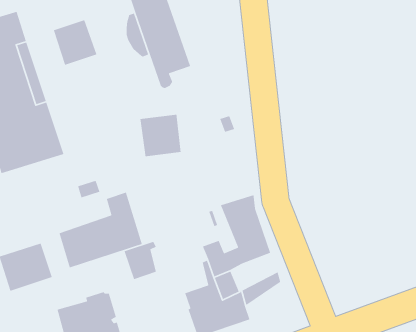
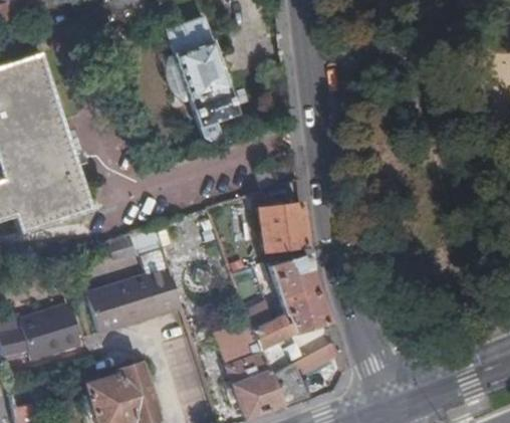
building: [53,19,97,66] -> none
building: [139,114,182,157] -> [257,201,304,249]
building: [123,241,157,280] -> [217,321,254,365]

